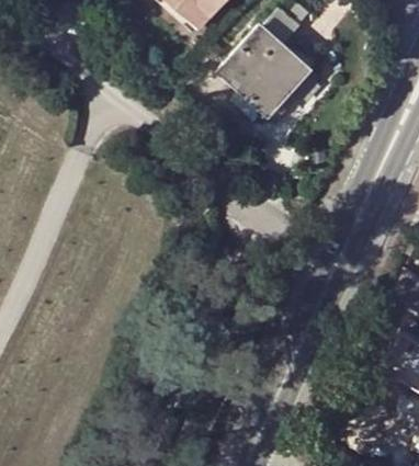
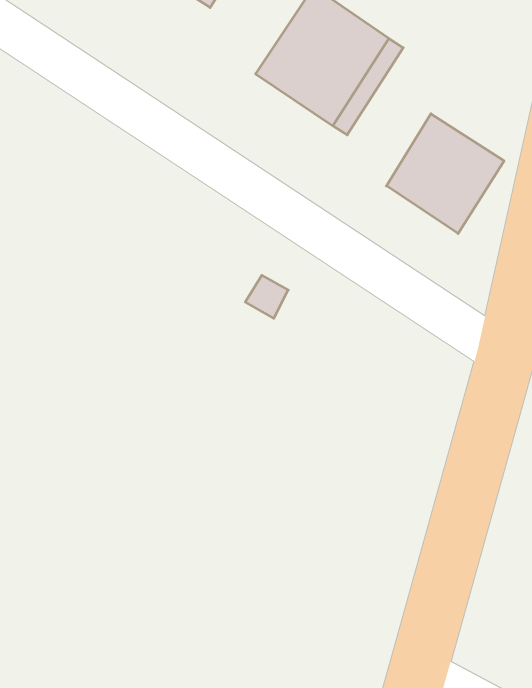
building: none -> [386,114,504,234]

